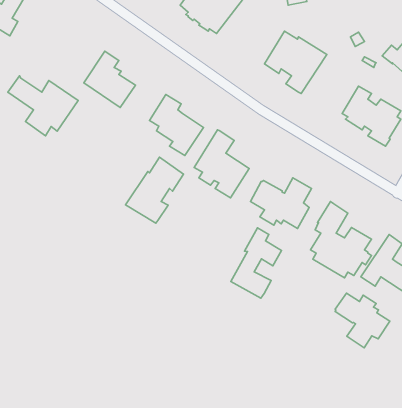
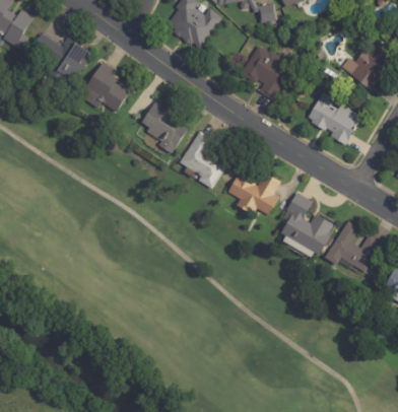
building: [8,76,78,136] -> [31,31,92,83]
building: [126,157,184,223] -> none
building: [231,228,281,298] -> none
building: [335,293,390,348] -> none

